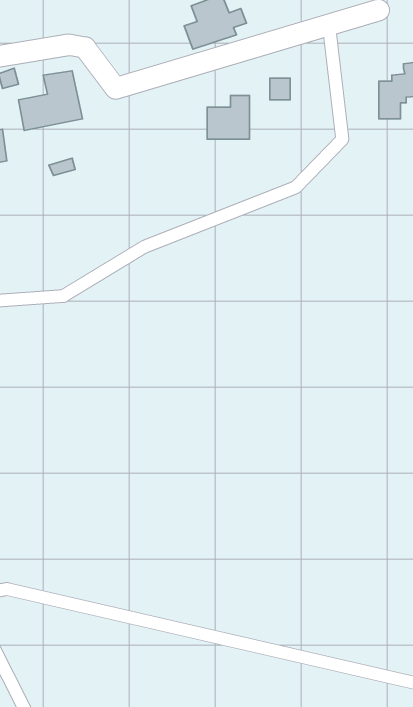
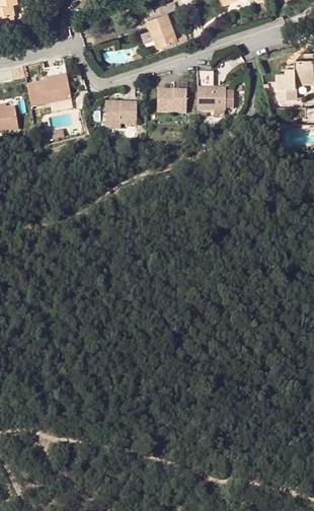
building: none -> [197,88,233,110]
building: none -> [105,102,137,128]

